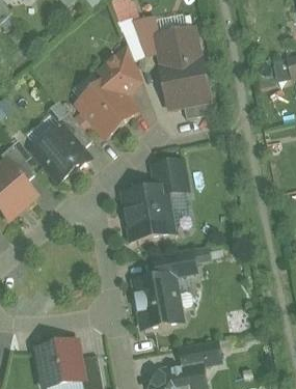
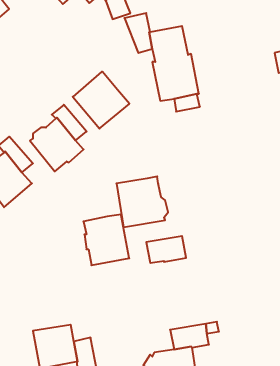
building: [100,47,141,95] -> none
building: [151,160,187,193] -> none
building: [133,274,181,327] -> [83,214,129,265]

